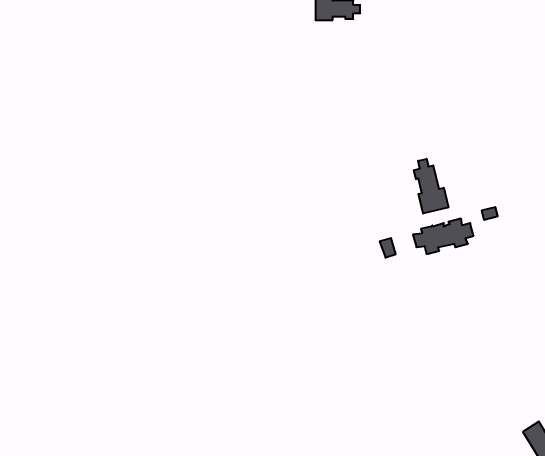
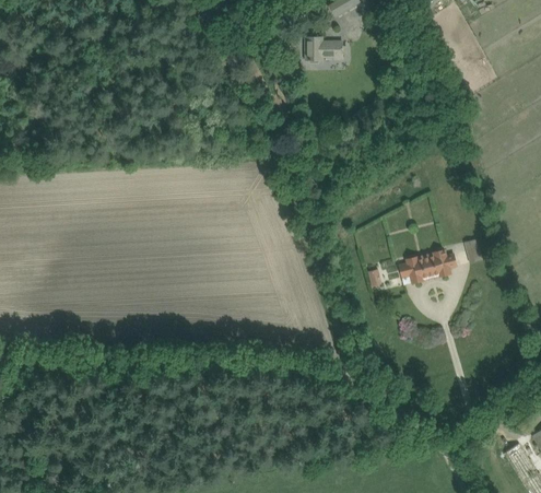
building: [414,159,448,214] -> none

